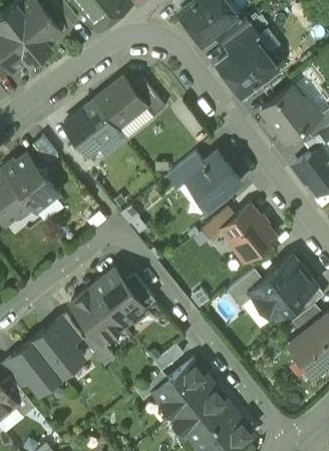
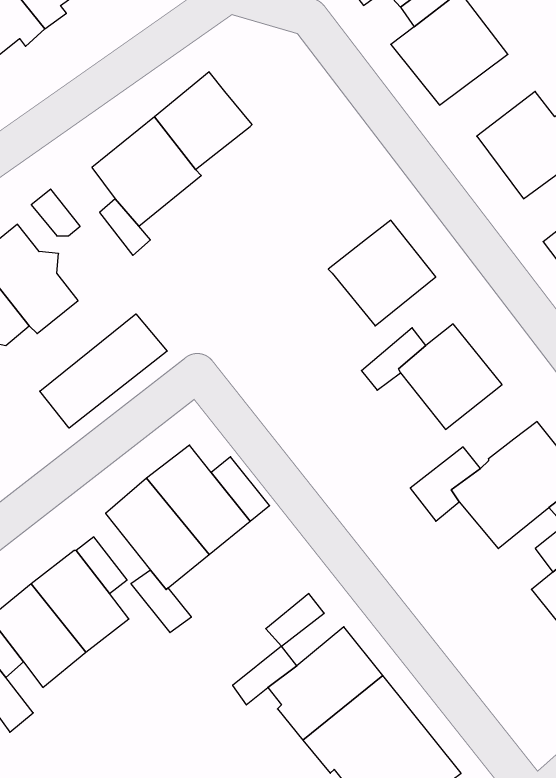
building: [131,79,166,117] -> none
building: [167,153,204,188] -> none
building: none -> [40,314,167,428]

